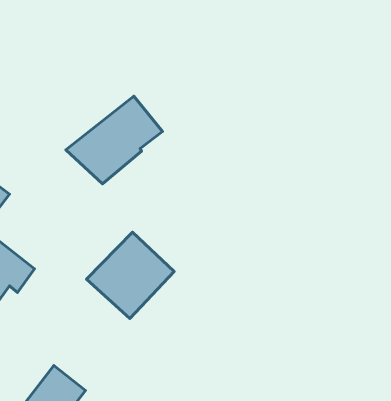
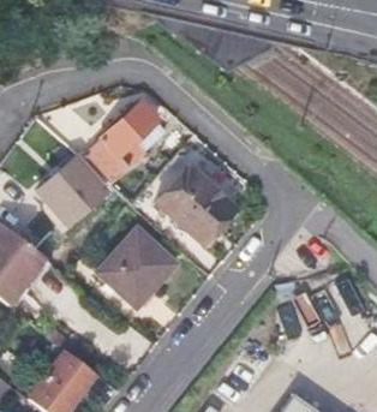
building: none -> [38,160,103,225]
building: none -> [158,168,234,244]

